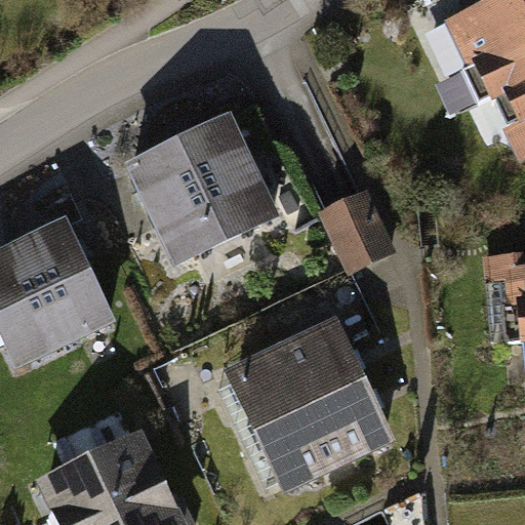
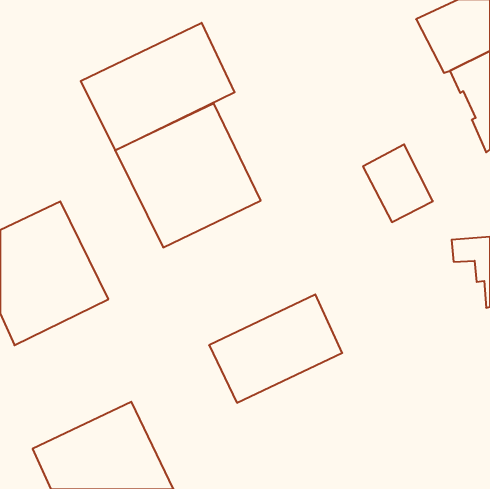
building: none -> [81,23,235,150]
building: [322,191,397,274] -> [363,144,433,222]
building: [253,377,396,493] -> none

